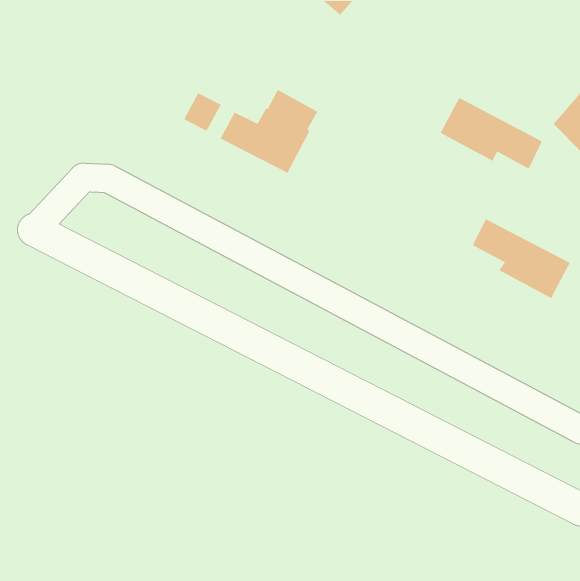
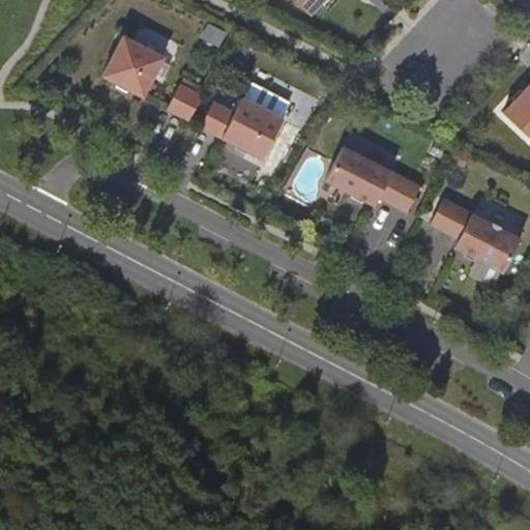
building: none -> [102,35,165,96]
building: [439,97,543,170] -> [326,146,420,212]

